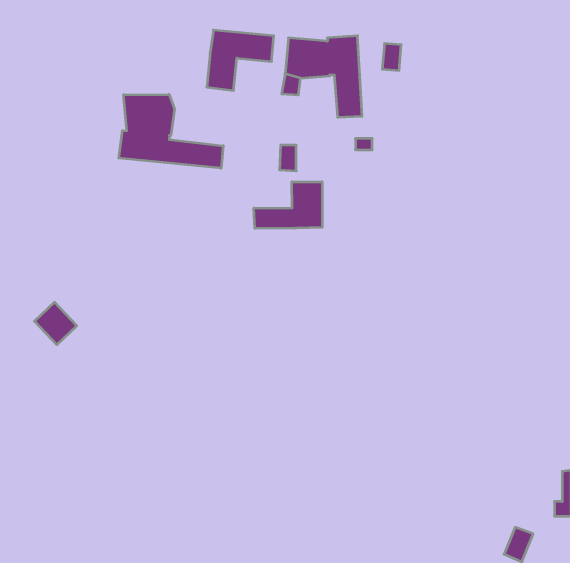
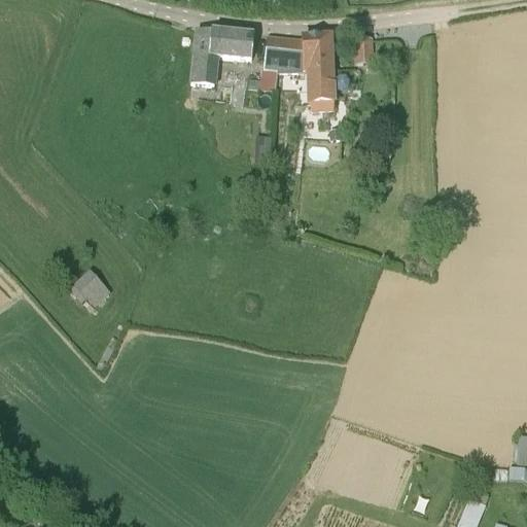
building: [119,94,223,168] -> none
building: [254,182,322,228] -> none
building: [34,302,77,345] -> [74,267,113,306]

